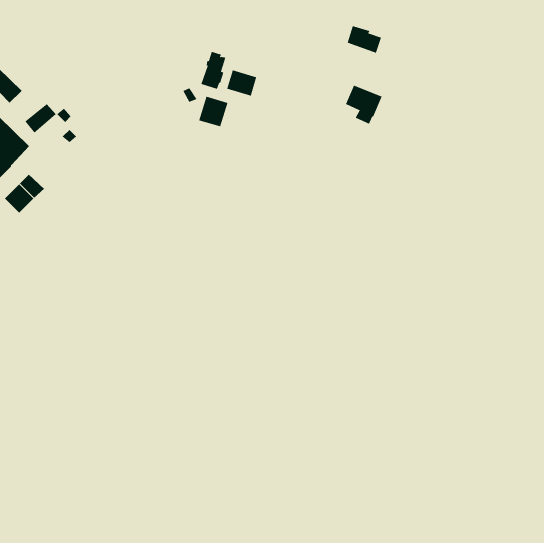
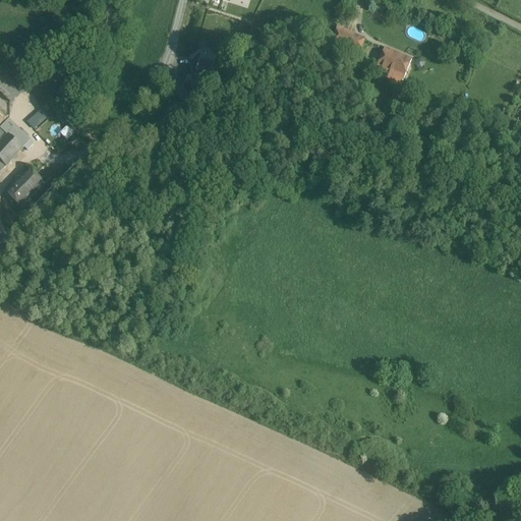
building: [227,69,257,96] -> none
building: [345,85,382,124] -> [375,44,411,81]
building: [199,96,228,127] -> none

